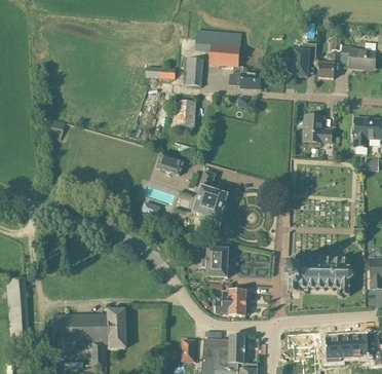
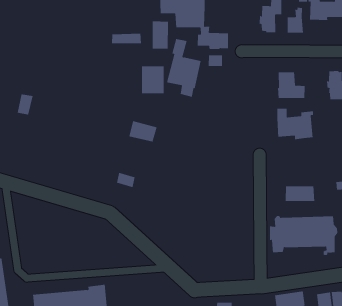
building: none -> [277,108,313,140]
building: [192,171,228,229] -> [166,38,202,97]
building: none -> [285,185,315,202]
building: [202,248,228,277] -> none
building: [215,290,246,316] -> none

